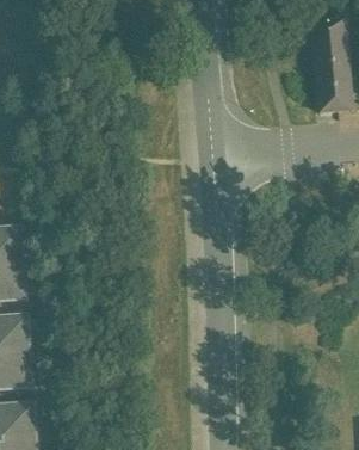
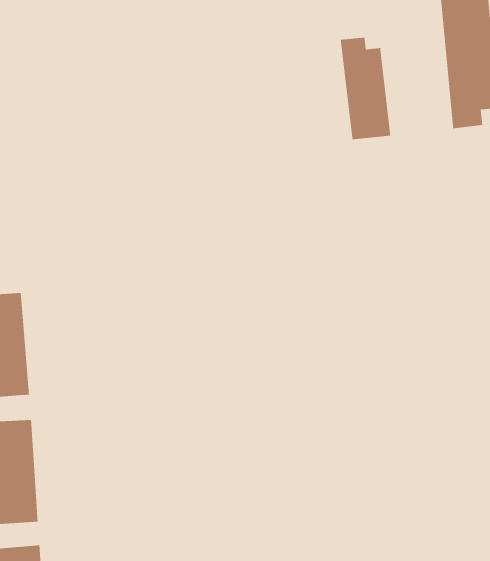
building: none -> [340,37,391,140]

